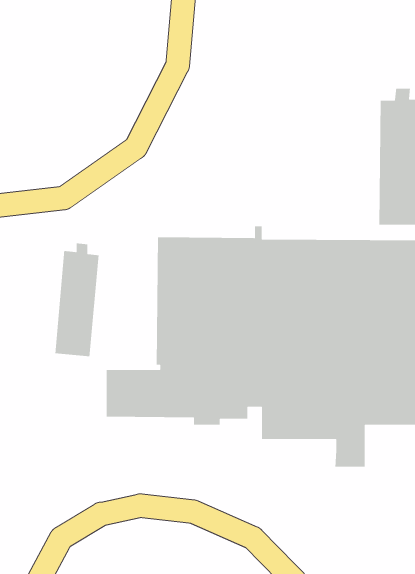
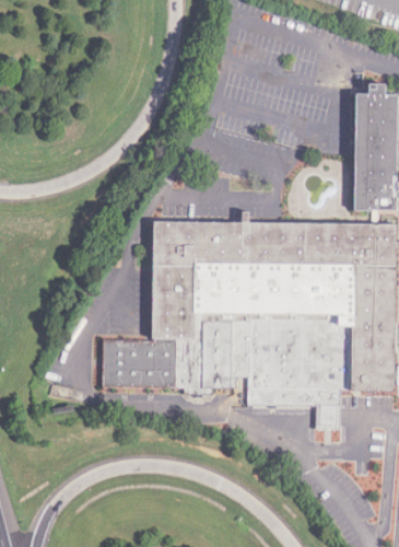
building: [54,243,99,357] -> none

